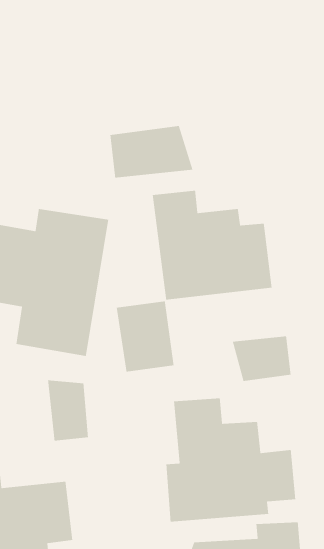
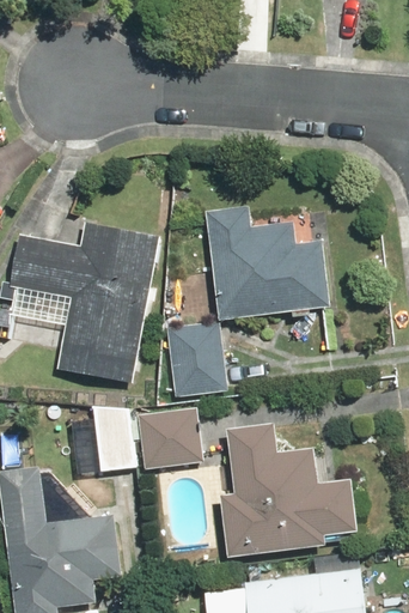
building: [110,125,194,178] -> none
building: [232,336,291,382] -> none
building: none -> [138,409,202,469]

